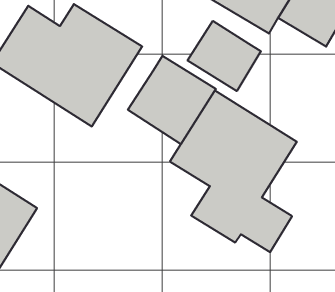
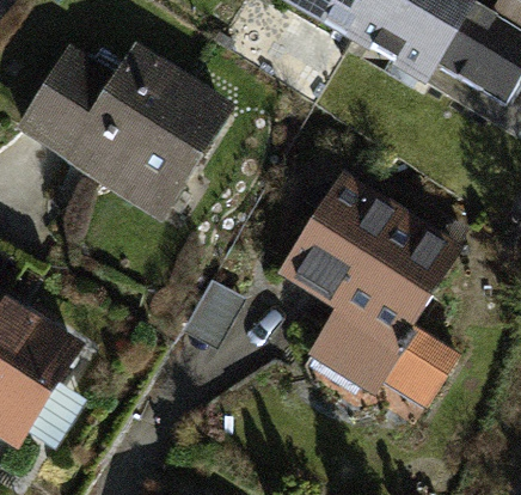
building: [188,21,261,91] -> none
building: [128,56,216,144] -> none

